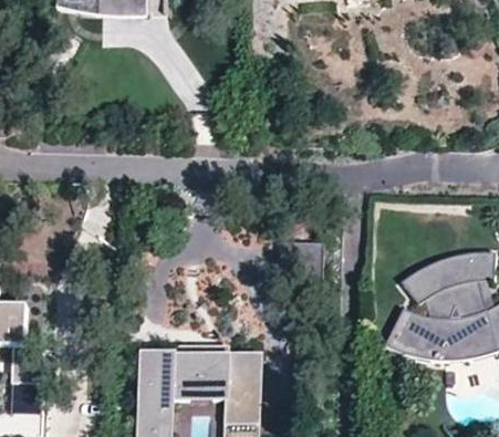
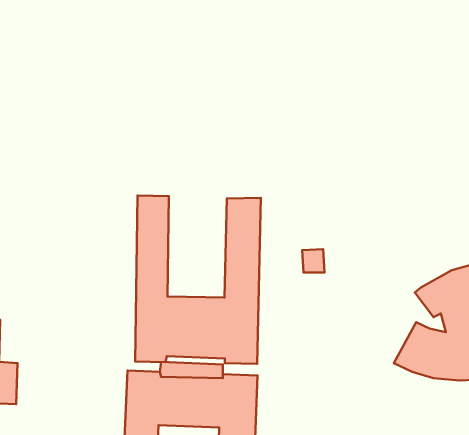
building: none -> [135,195,261,364]

